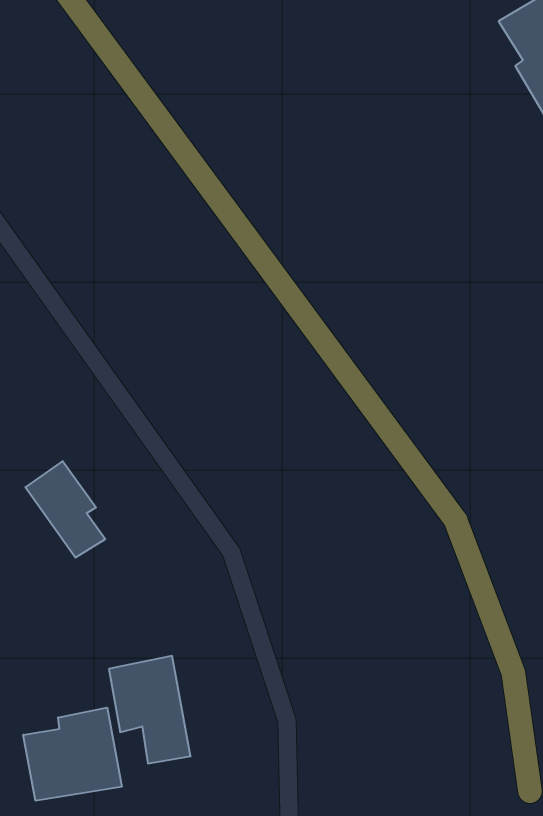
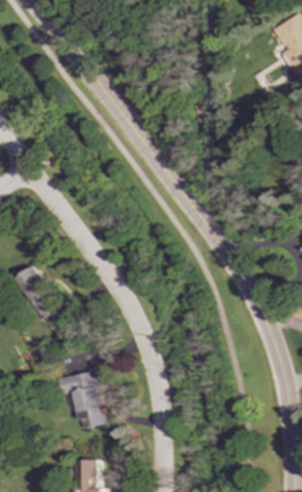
building: [23,708,122,801] -> none

